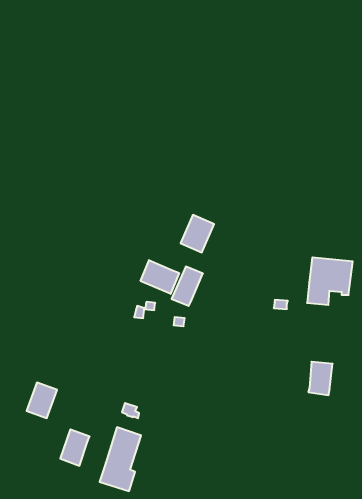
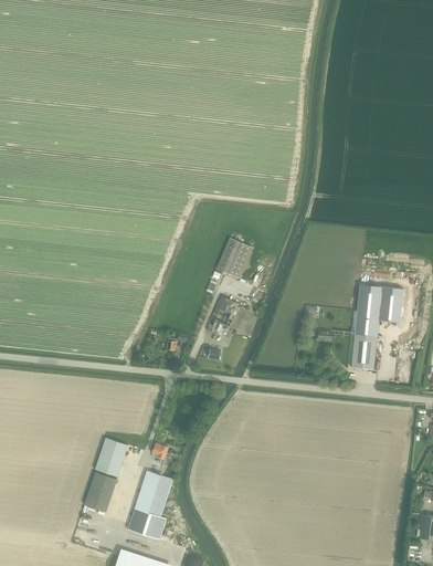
building: [141,260,179,294] -> none
building: [308,362,333,395] -> [350,333,377,369]
building: [27,383,57,418] -> [94,437,127,475]

